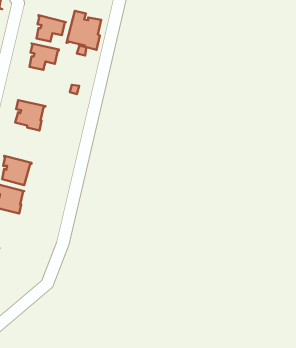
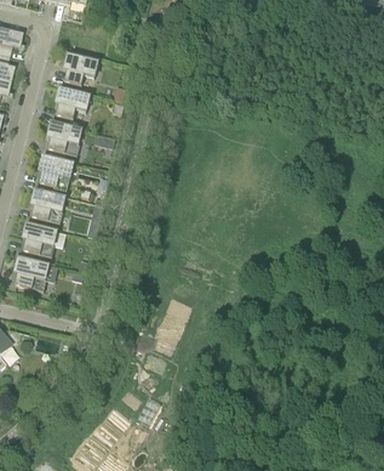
building: [66,11,101,50] -> none
building: none -> [47,119,82,153]
building: none -> [31,186,67,221]

